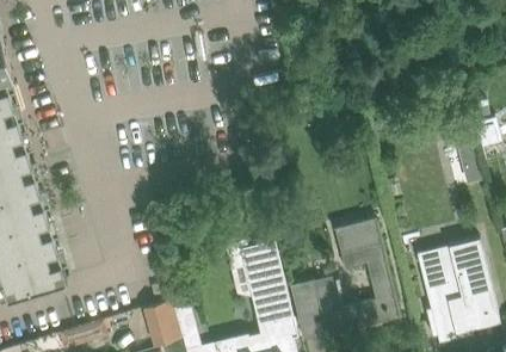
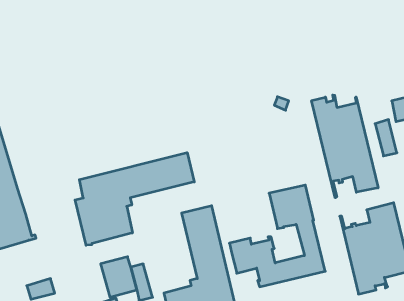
building: none -> [312,95,378,198]
building: none -> [75,153,194,245]

